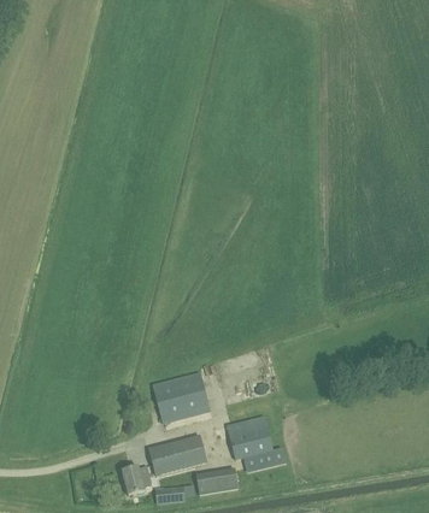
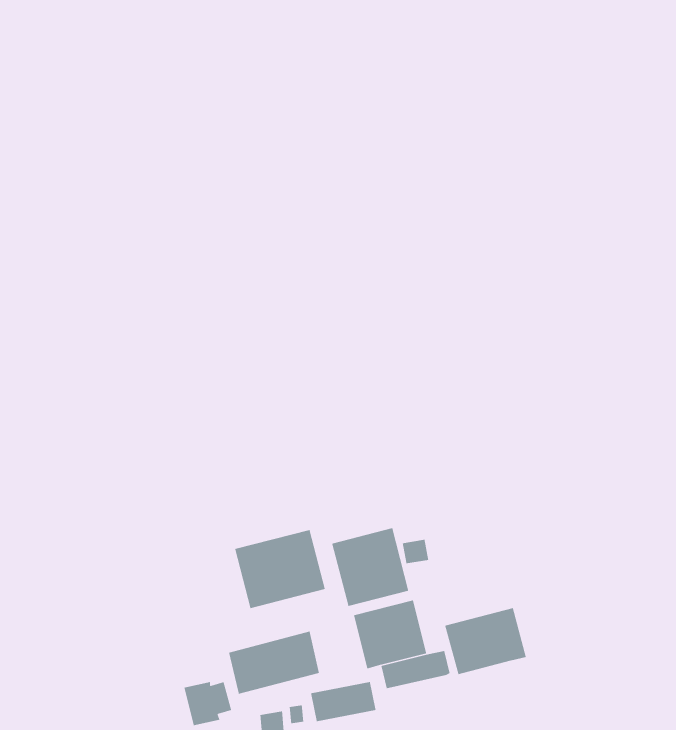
building: none -> [331,527,409,607]
building: none -> [444,607,527,675]

